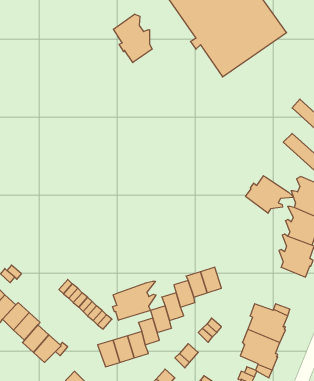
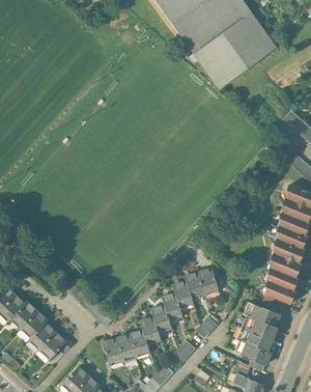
building: [113,14,152,63] -> none
building: [246,176,293,213] -> none
building: none -> [262,267,298,304]
building: [113,281,156,320] -> none

